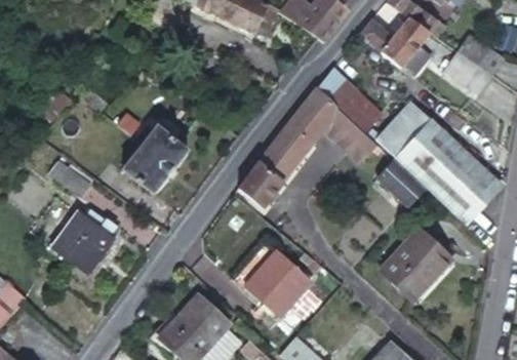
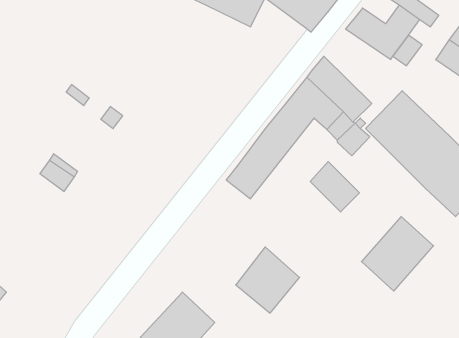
building: [121,125,188,195] -> none
building: [379,160,427,209] -> [310,162,359,212]
building: [56,211,119,275] -> none

